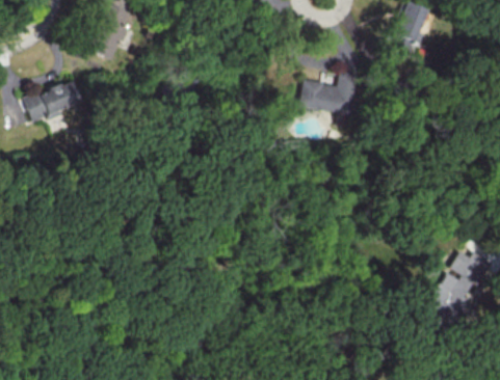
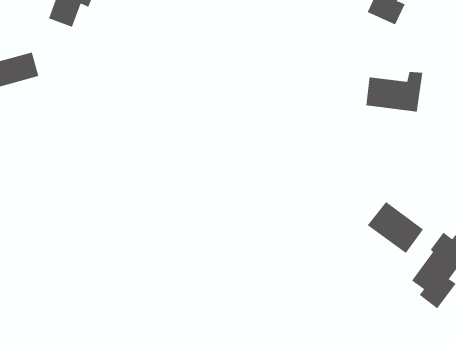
building: [301,74,356,112] -> [366,71,423,112]
building: none -> [367,201,424,254]

